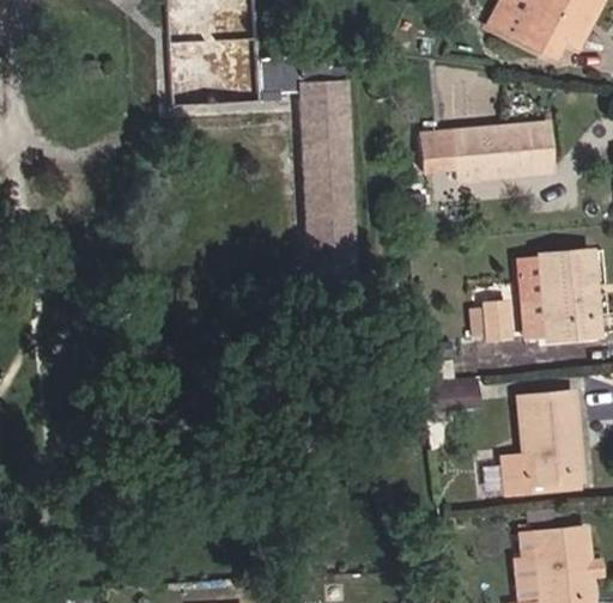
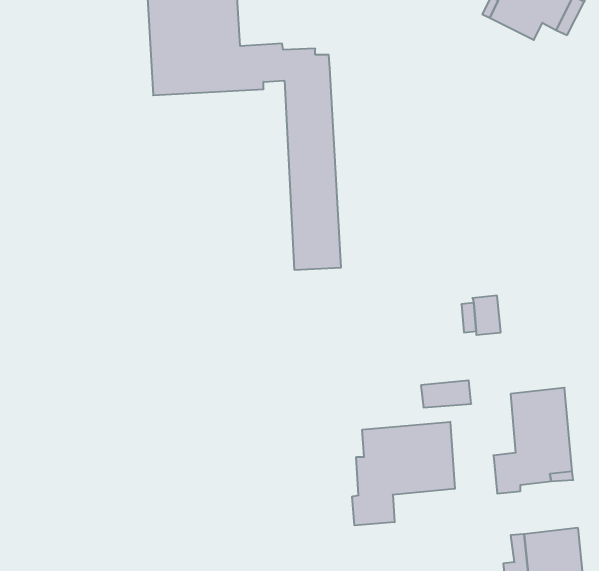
building: [420,122,554,178] -> none
building: [522,250,600,339] -> none
building: none -> [352,422,455,525]

